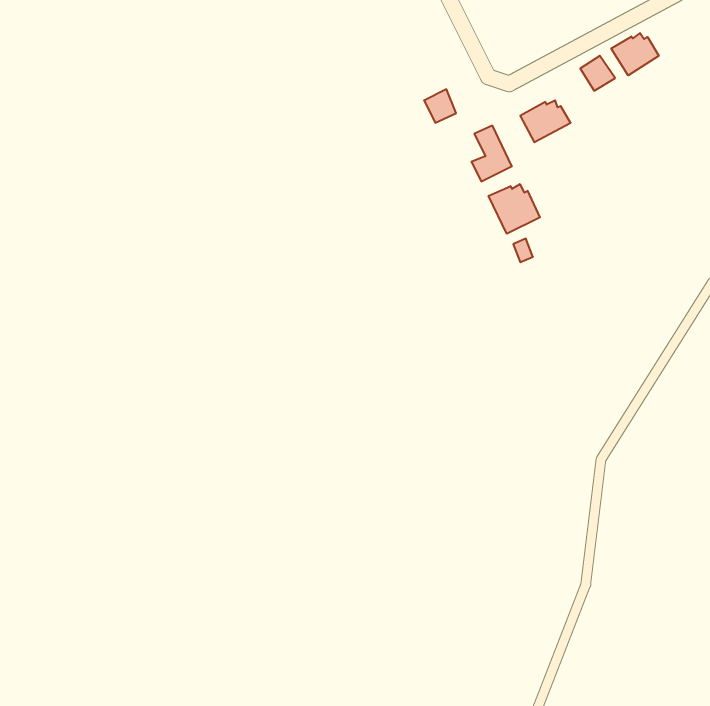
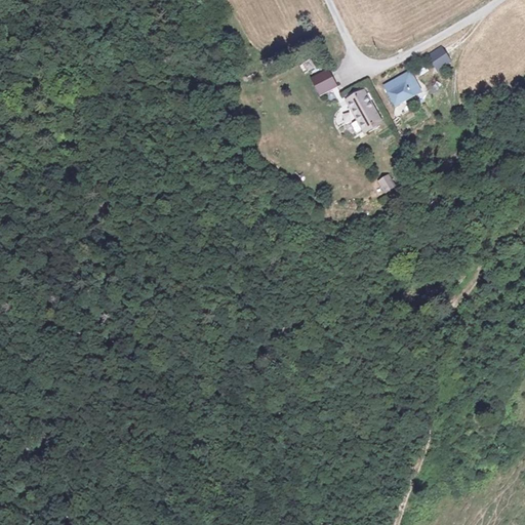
building: [611,33,659,75] -> none
building: [489,184,540,234] -> none

